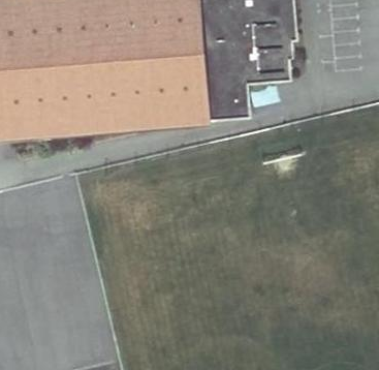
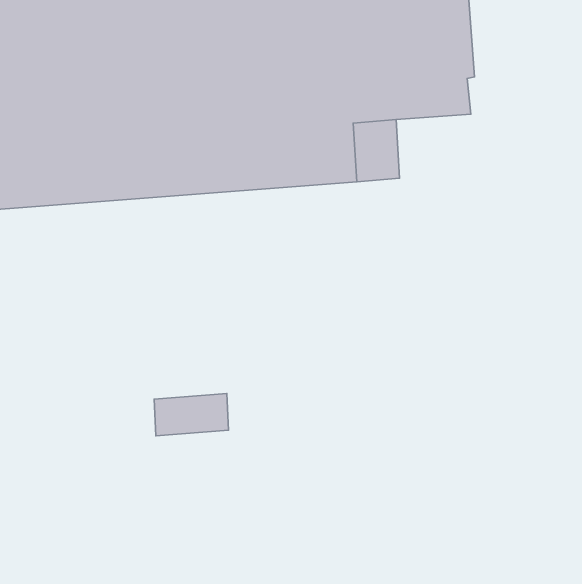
building: none -> [154,393,228,436]

